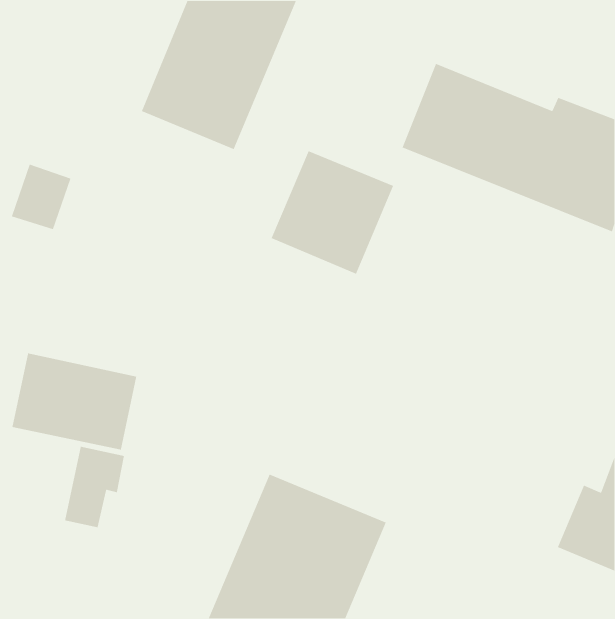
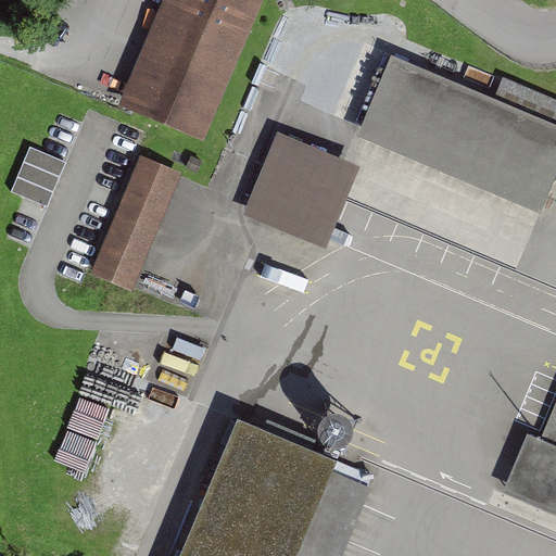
building: none -> [90,156,178,290]
building: [11,352,137,450] -> none

